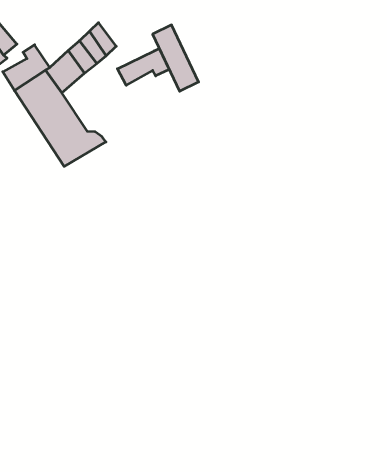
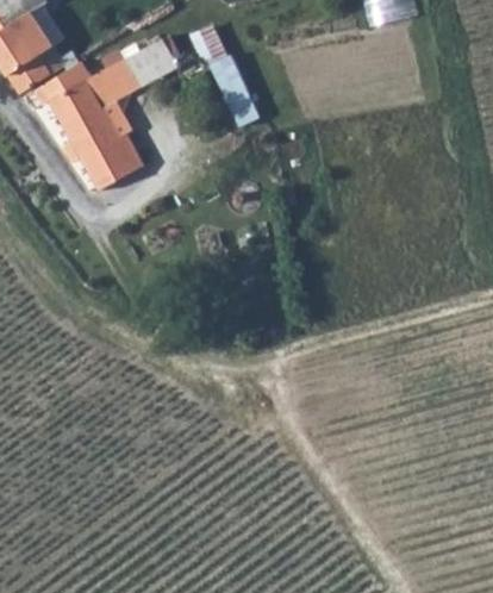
building: [117,48,169,85] -> none

